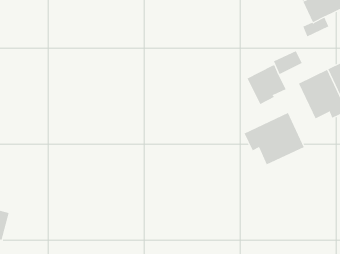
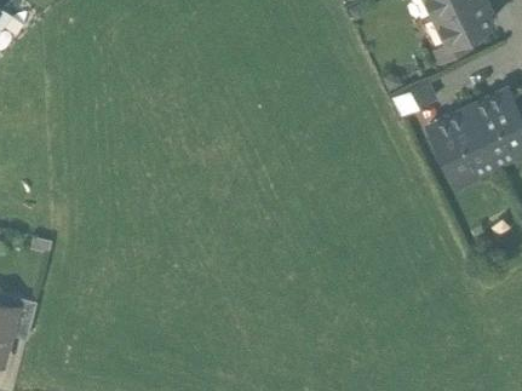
building: [247,64,286,105] -> none
building: [244,112,305,165] -> none

